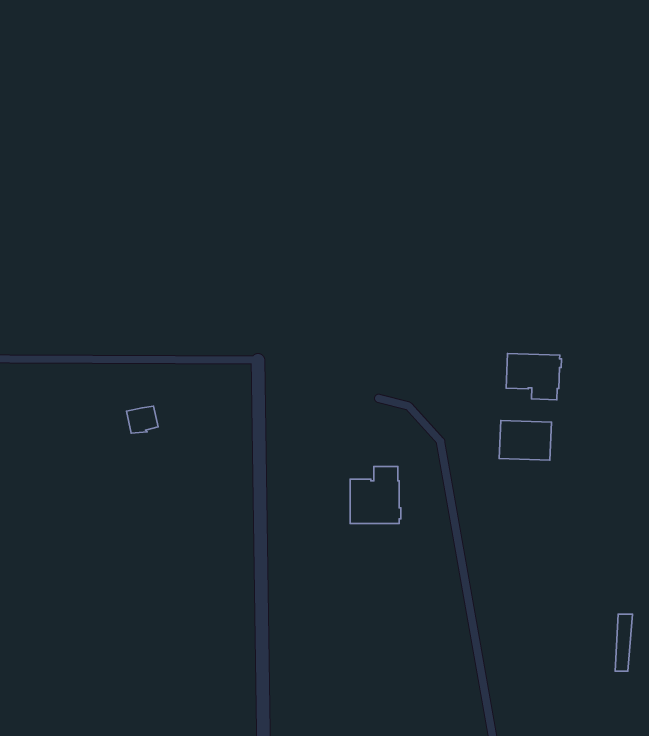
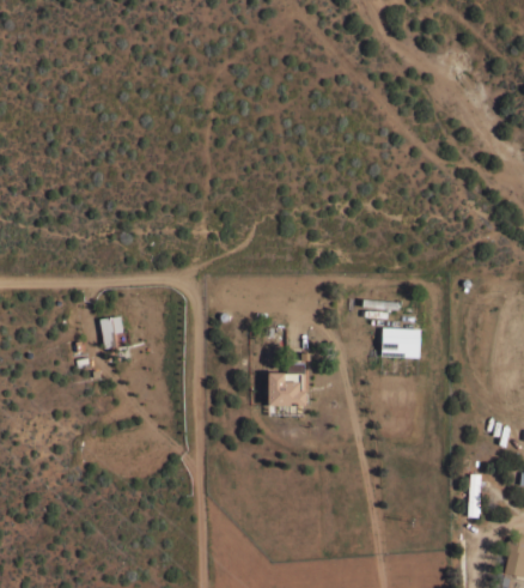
building: [506,353,561,400] -> none

